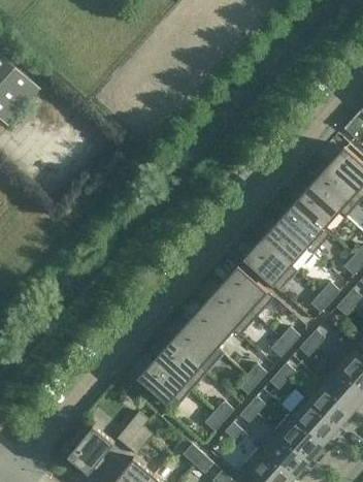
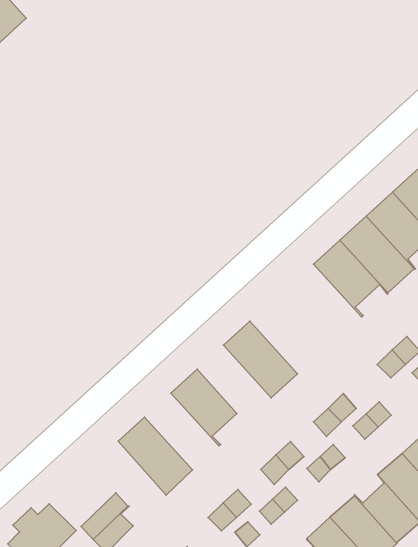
building: [243,238,297,291] -> none
building: [220,263,274,316] -> none
building: [187,301,240,348] -> none
building: [154,339,207,390] -> none

